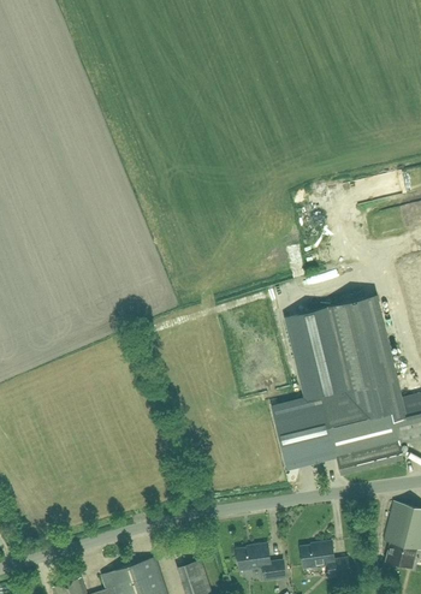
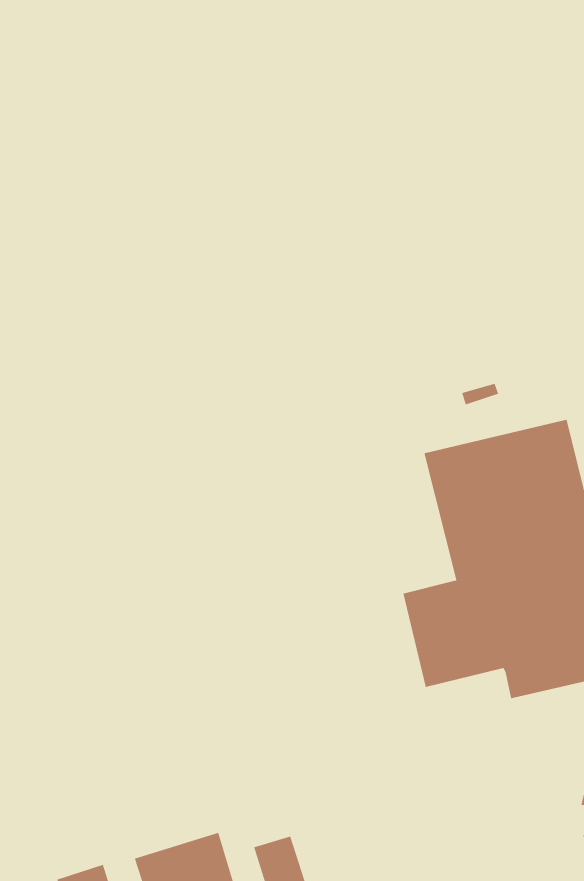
building: [301,541,349,577] -> none
building: [236,543,284,580] -> none

